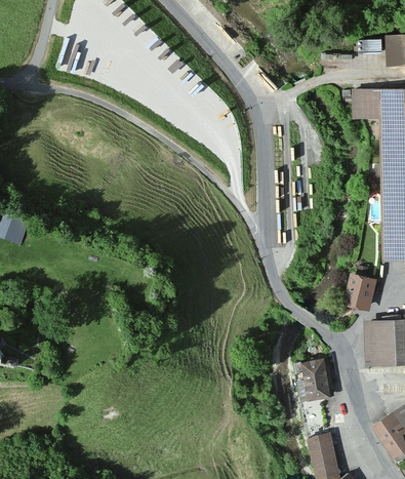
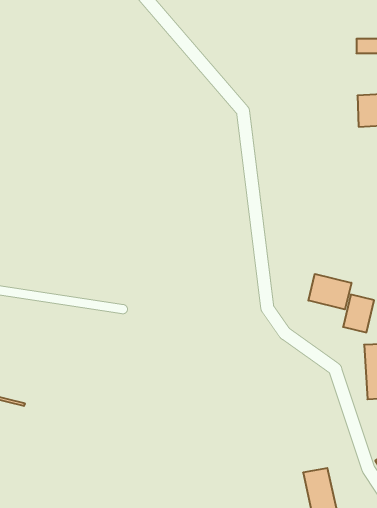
building: none -> [308,274,351,309]
building: [297,358,332,402] -> none

